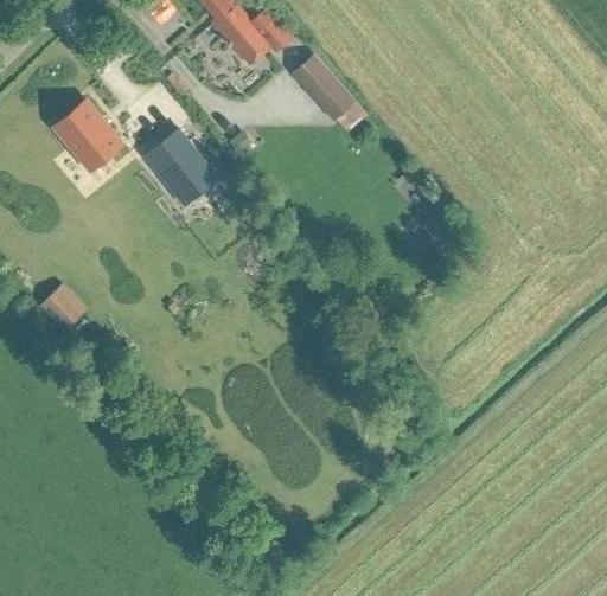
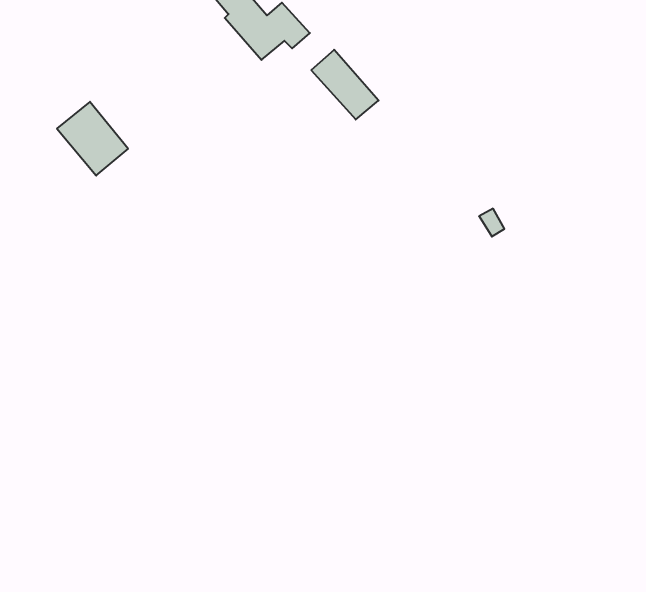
building: [145,127,217,203] -> none
building: [40,286,87,331] -> none

